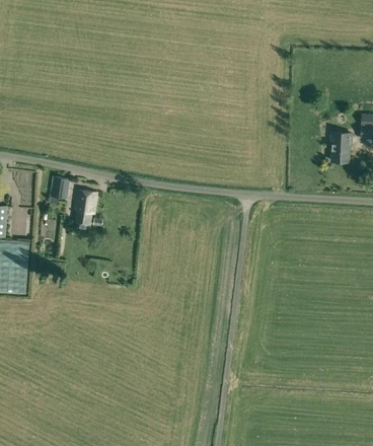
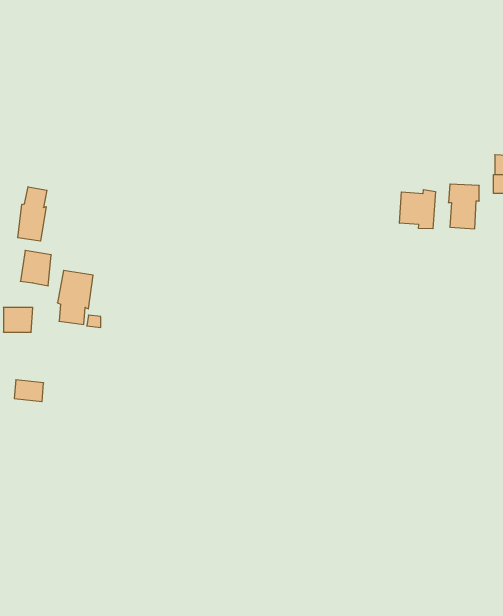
building: none -> [18,187,47,241]
building: none -> [400,190,435,229]

